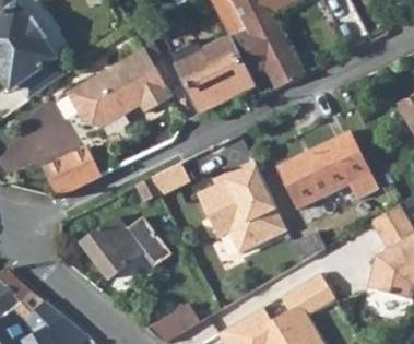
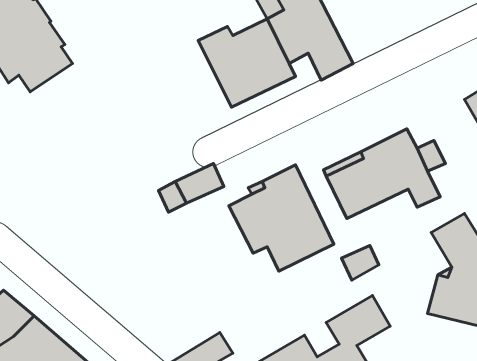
building: [67,49,173,129] -> none
building: [44,150,103,199] -> none
building: [82,215,171,278] -> none

